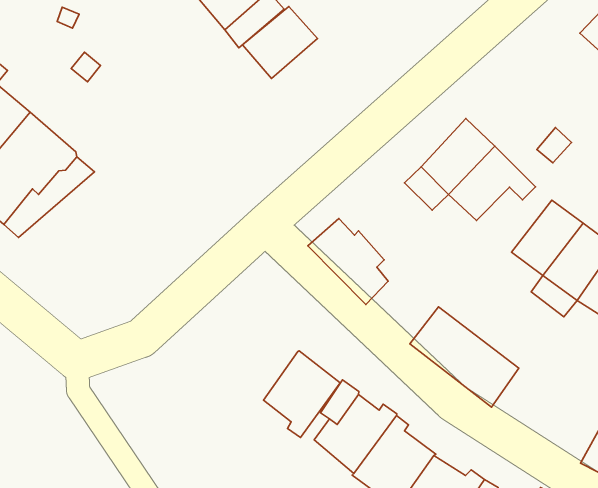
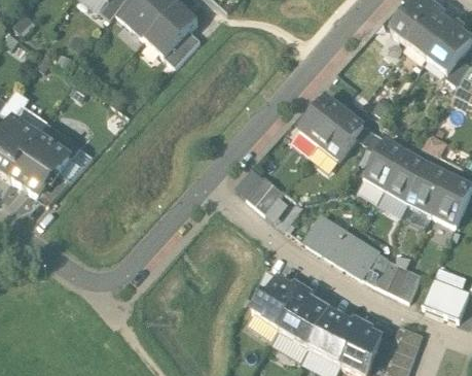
building: [243,7,318,79] -> none
building: [263,351,340,437] -> none
building: none -> [362,249,422,299]

